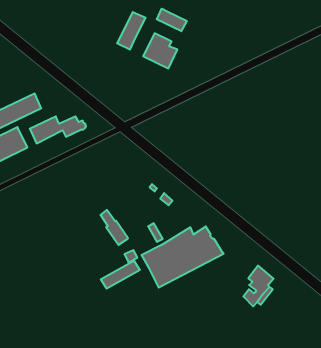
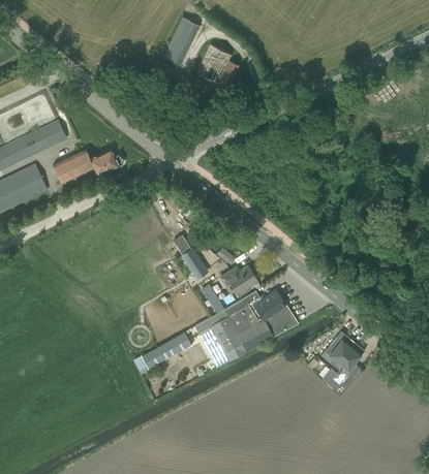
building: [157,9,187,31] -> none
building: none -> [220,265,257,294]
building: [100,210,128,245] -> [173,234,208,279]

